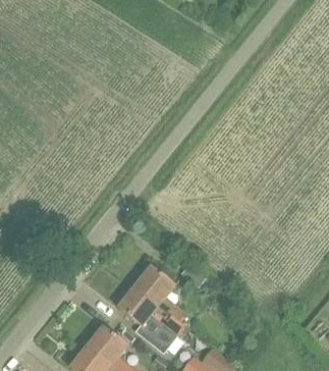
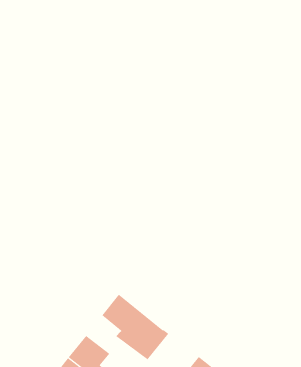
building: [134,266,184,321] -> none

